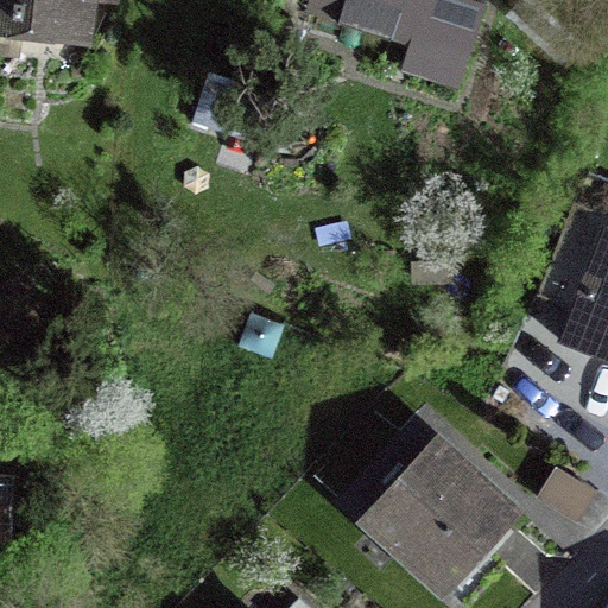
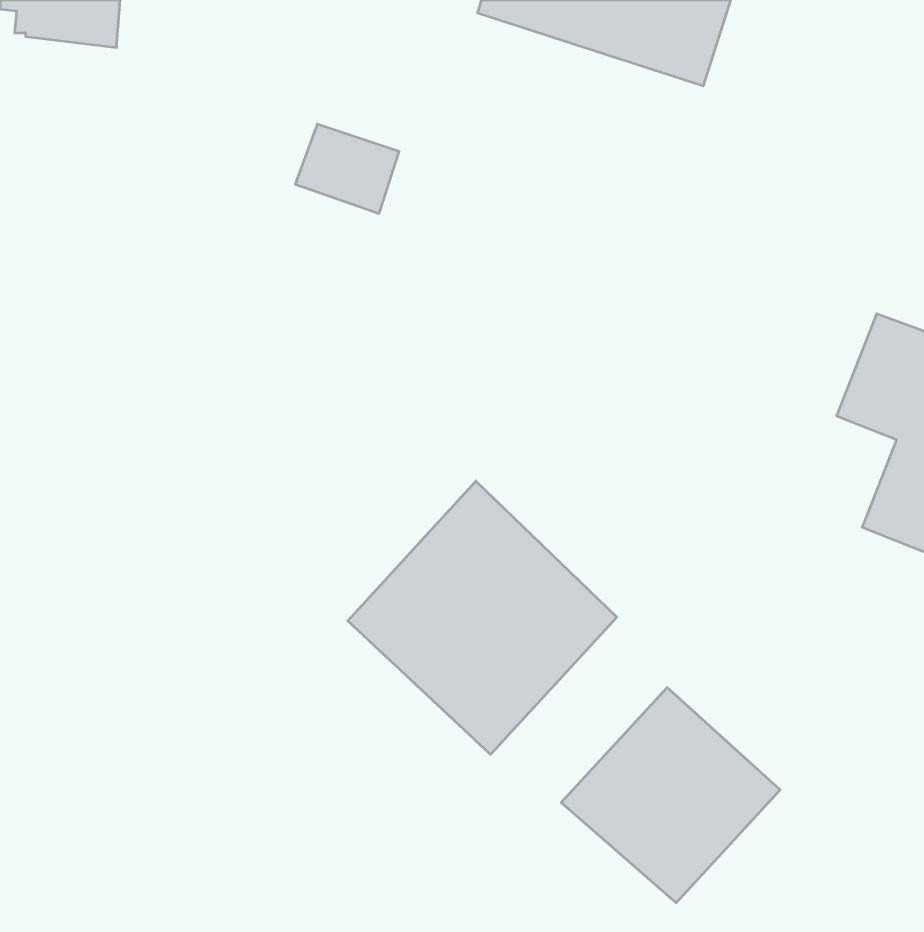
building: none -> [348,481,617,754]

